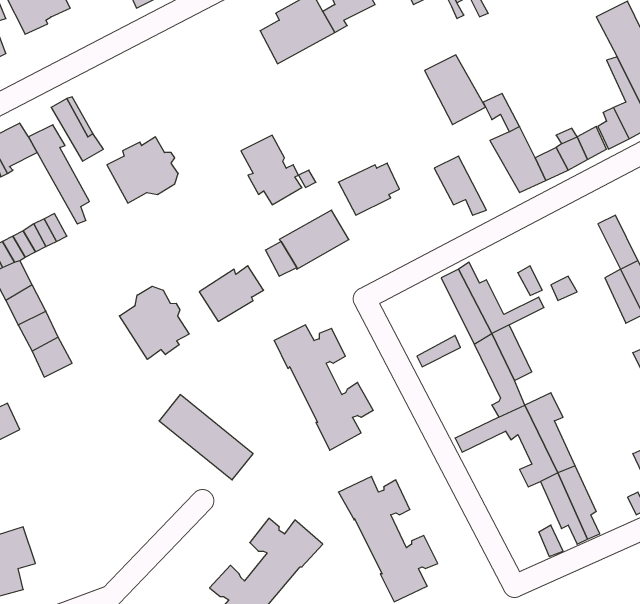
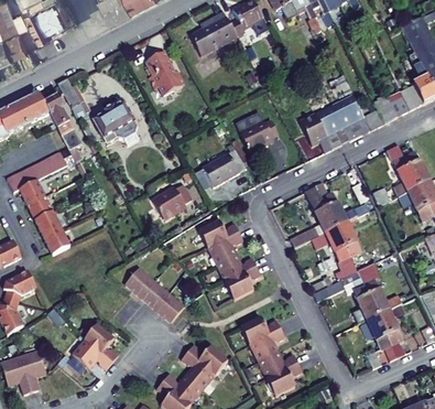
building: [425,55,486,125] -> [315,105,354,149]
building: [241,135,302,205] -> [144,52,183,96]
building: none -> [385,144,417,196]
building: [119,286,189,359] -> none
building: none -> [73,324,118,369]

